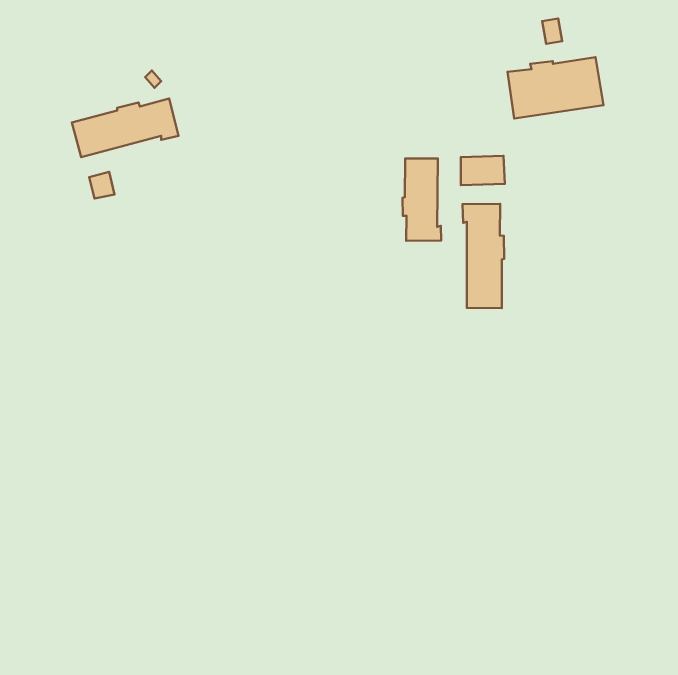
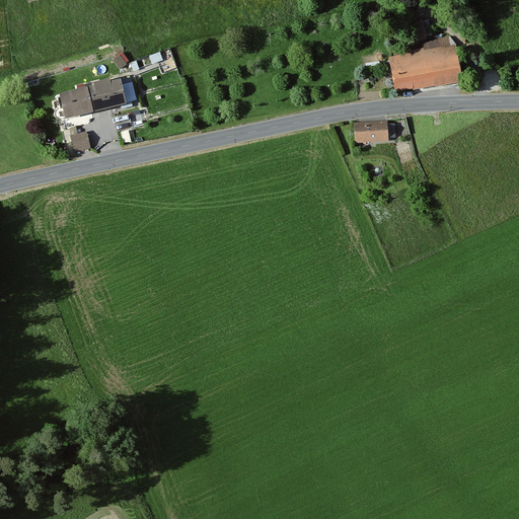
building: [403,159,441,241] -> none
building: [463,204,504,308] -> none

